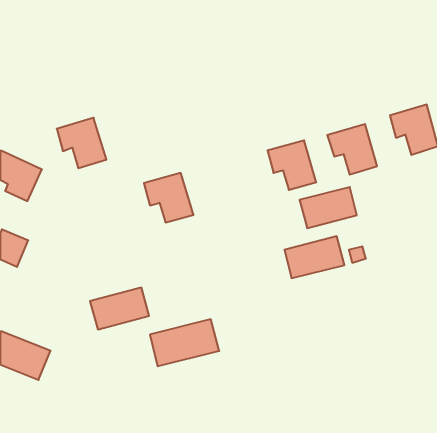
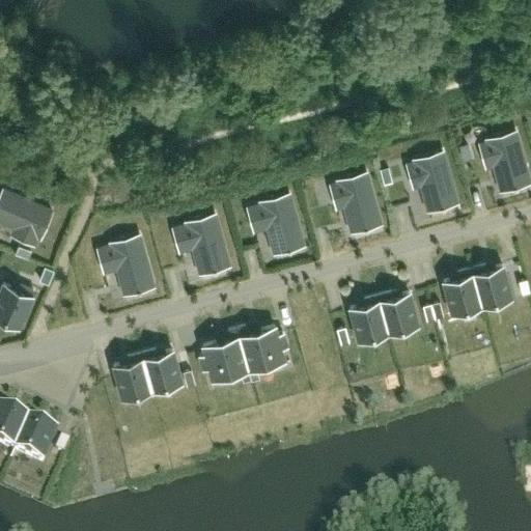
building: [57,118,106,168] -> [97,234,158,296]
building: none -> [250,193,309,253]
building: [299,187,357,228] -> [441,271,510,320]
building: [150,319,219,366] -> [201,330,285,387]

